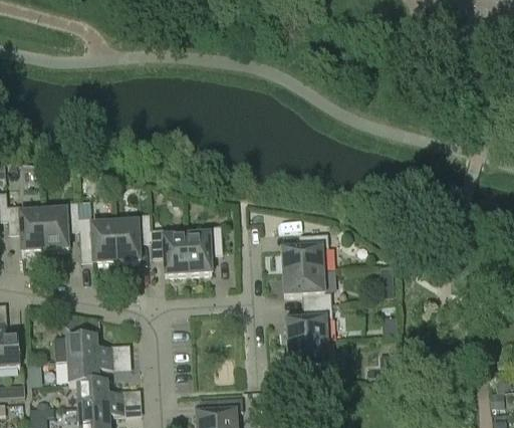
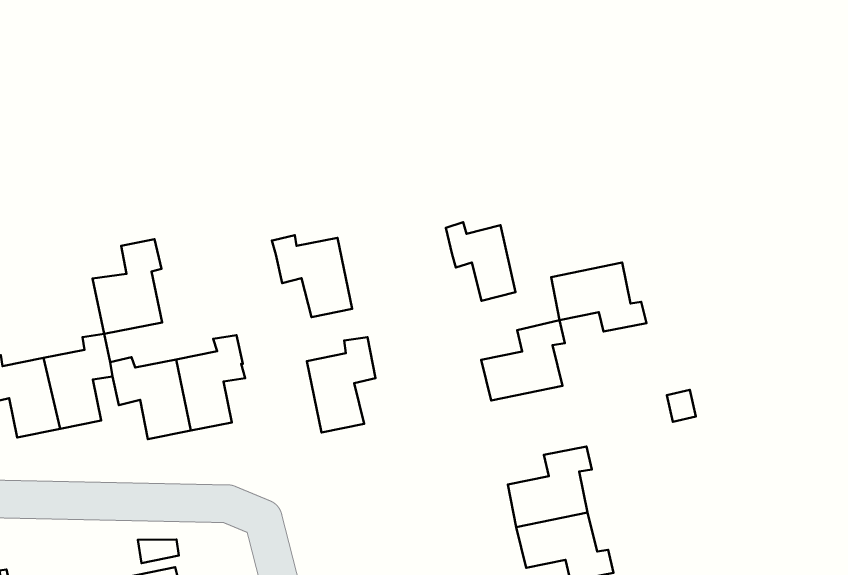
building: none -> [93,239,162,334]
building: none -> [446,222,515,301]
building: [151,228,189,274] -> [272,235,352,317]
building: [284,268,332,304] -> [551,263,646,332]

